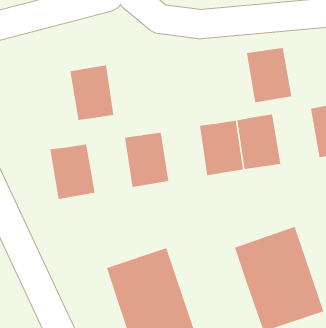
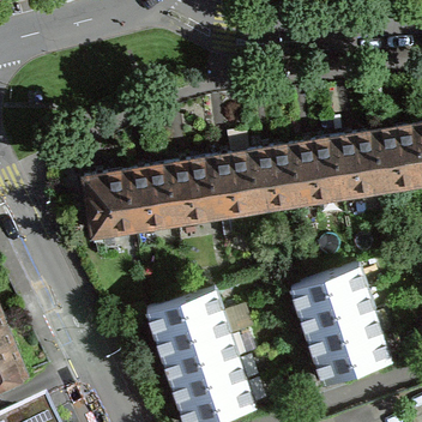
building: [246,47,292,103] -> [336,134,387,197]
building: [69,65,114,120] -> [127,167,177,229]
building: none -> [211,153,261,216]

